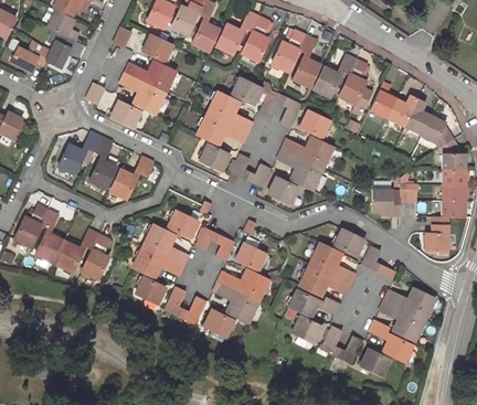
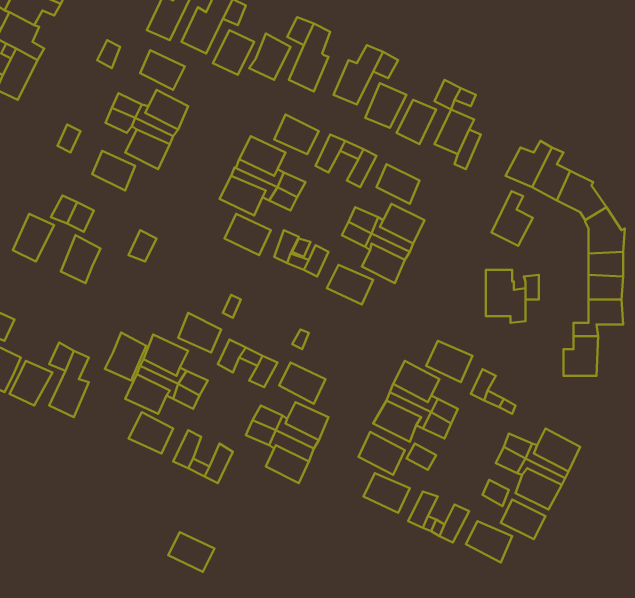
building: [369,82,396,118] -> [492,191,533,246]
building: [109,168,137,200] -> [105,332,146,380]
building: [203,310,234,337] -> [168,532,214,572]

